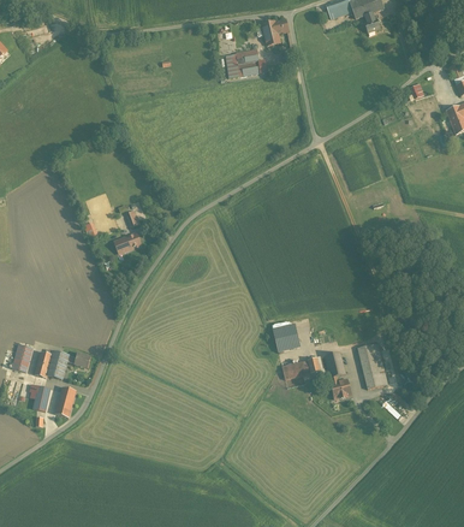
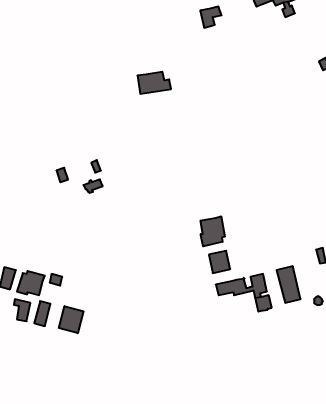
building: [225,51,267,78] -> [137,72,171,94]
building: none -> [201,216,225,246]
building: none -> [59,306,83,333]

